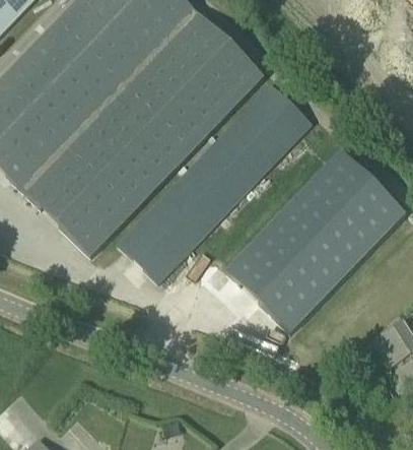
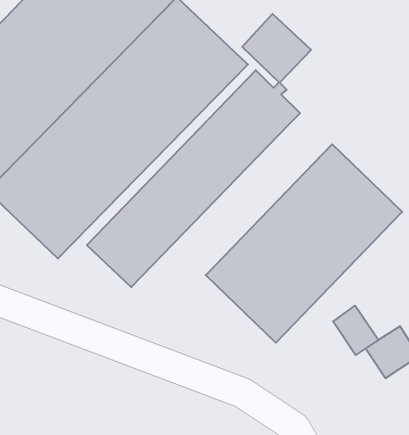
building: none -> [242,14,311,83]
building: none -> [333,306,379,355]

